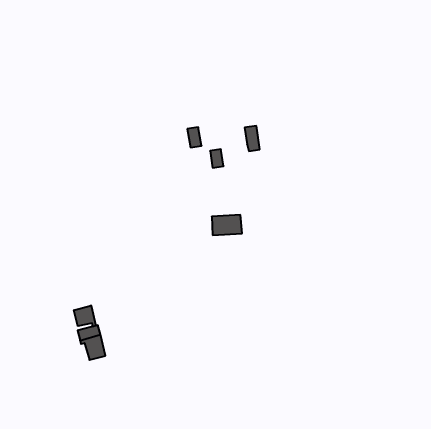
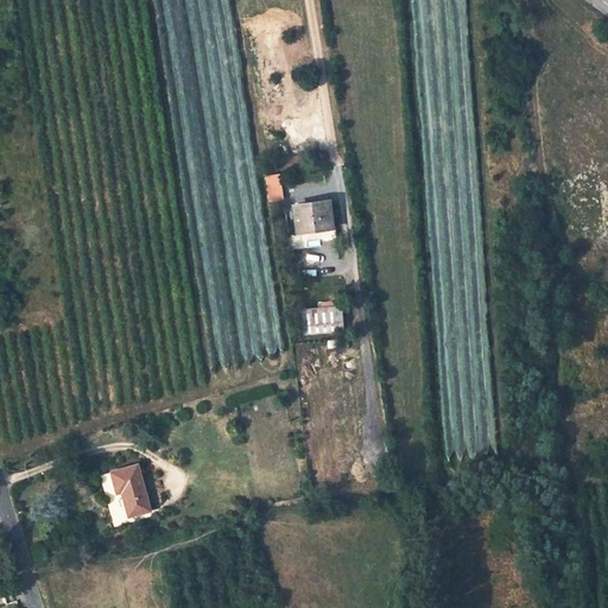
building: [245,126,260,151] -> [311,208,332,243]
building: [74,305,96,327] -> none

